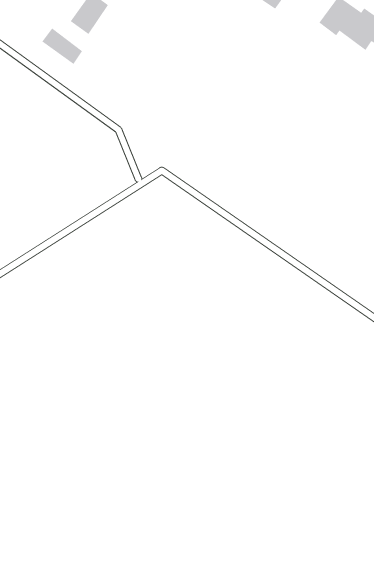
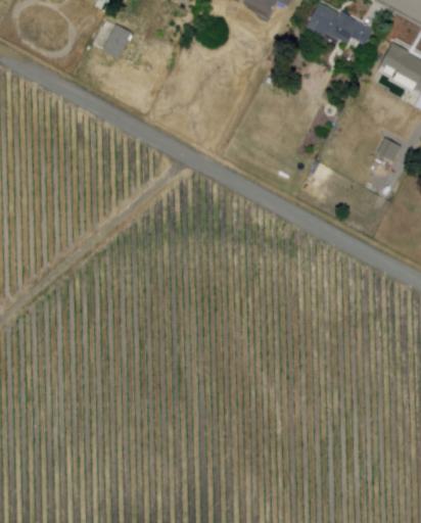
building: [41,27,83,65] -> none

